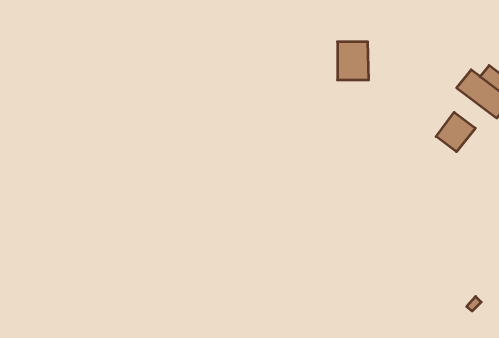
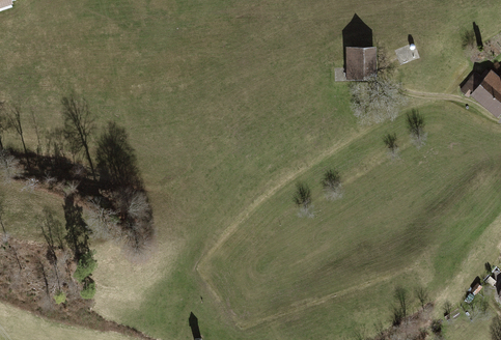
building: [436,112,475,152] -> none

